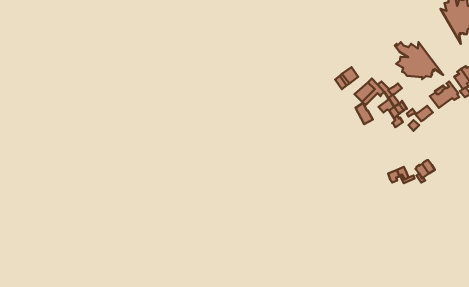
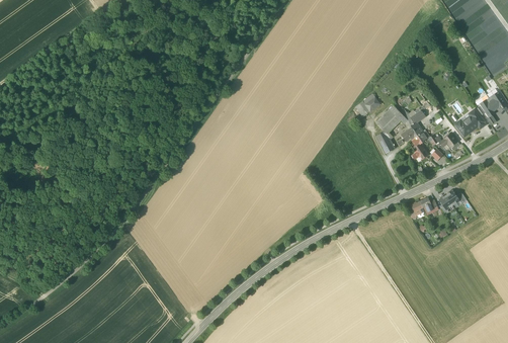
building: [395,42,443,79] -> none

